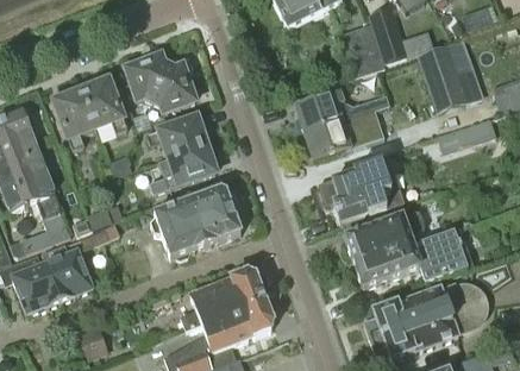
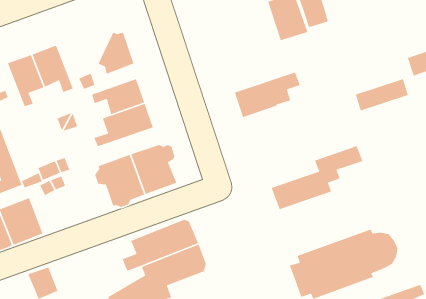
building: [416,33,481,109] -> none
building: [126,52,170,99] -> none
building: [294,87,388,130] -> none
building: [320,157,399,222] -> none
building: [353,227,465,285] -> none

